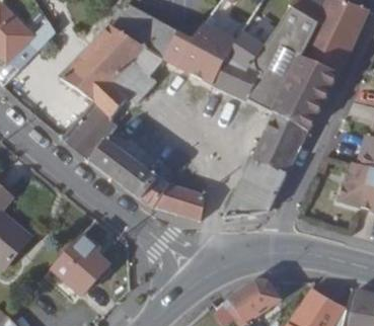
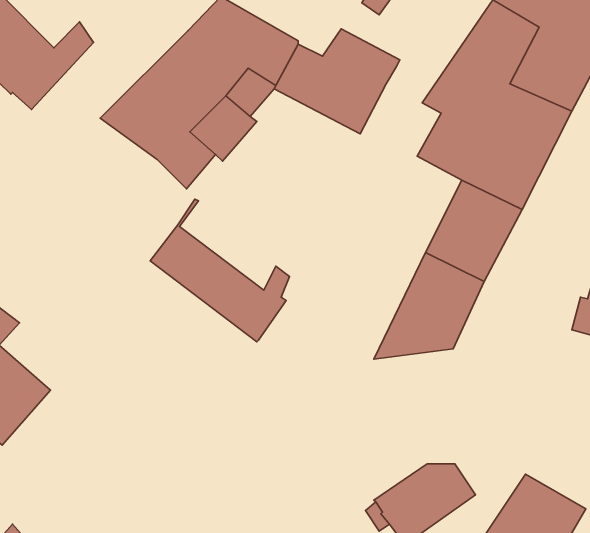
building: [214,32,263,101] -> none
building: [62,100,117,160] -> none
building: [154,183,207,220] -> none
building: [52,234,109,295] -> none

